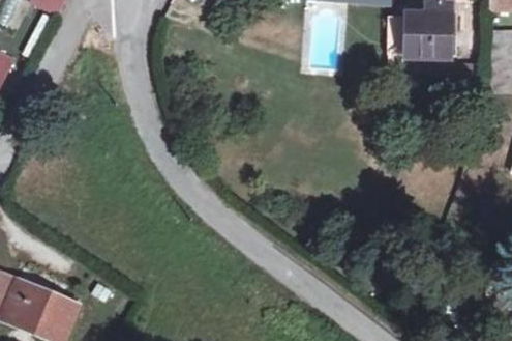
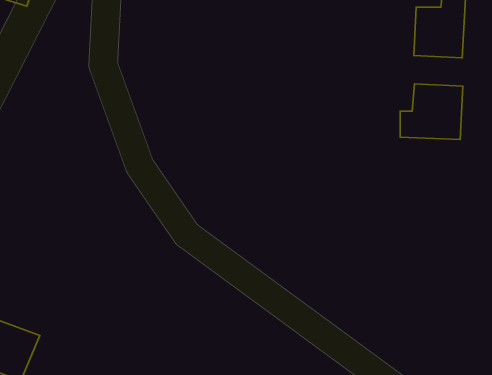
building: none -> [400,84,463,139]

